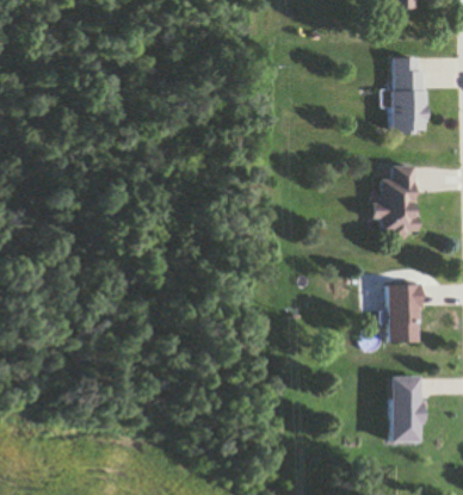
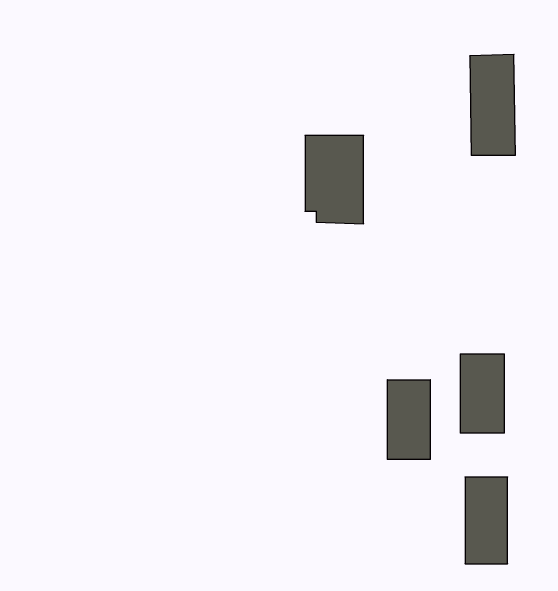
building: [371,167,415,234] -> [305,135,364,224]
building: none -> [387,380,430,459]

